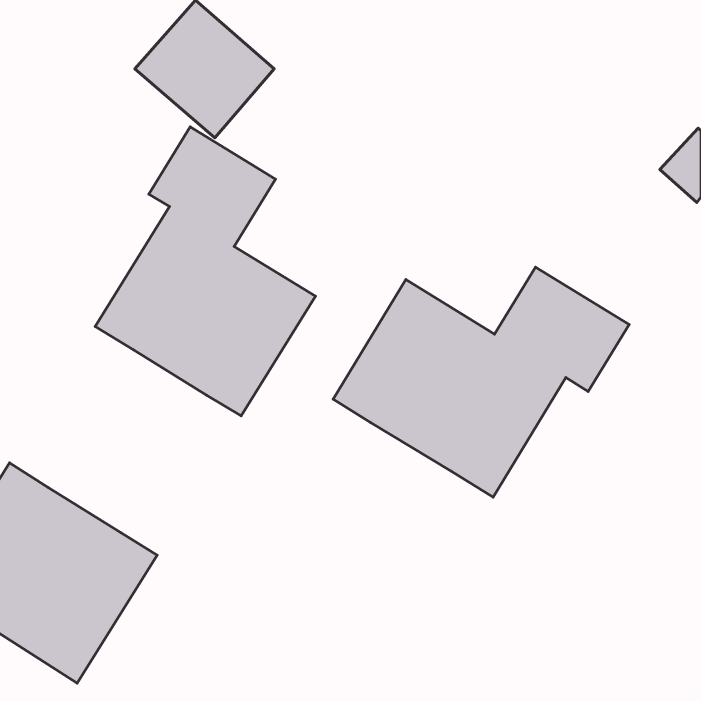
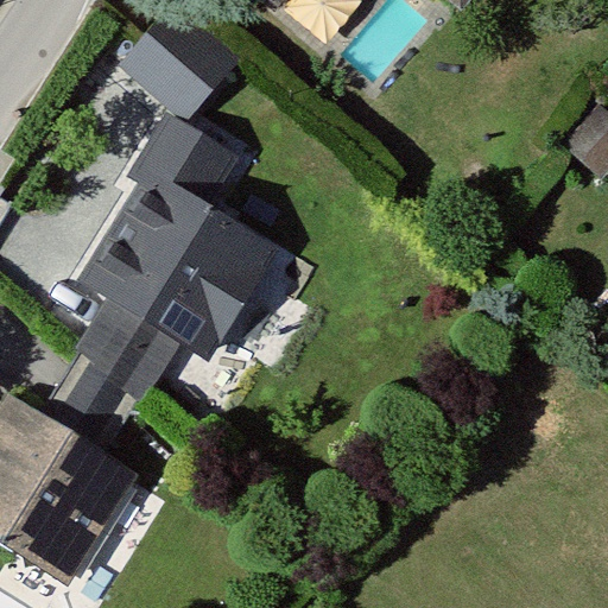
building: [333,267,629,497] -> none
building: none -> [42,302,178,460]

